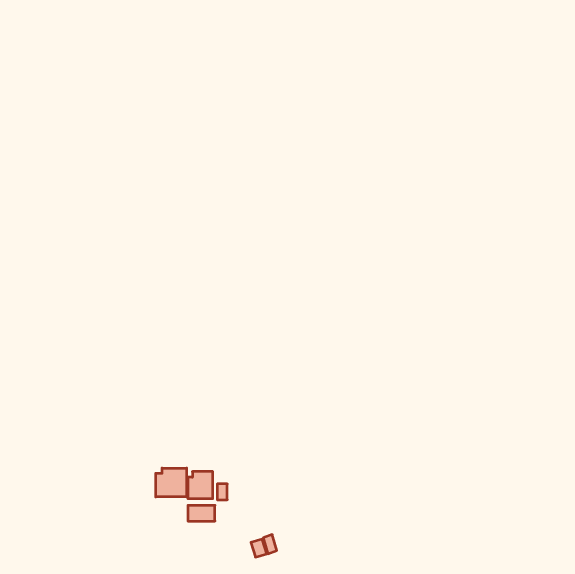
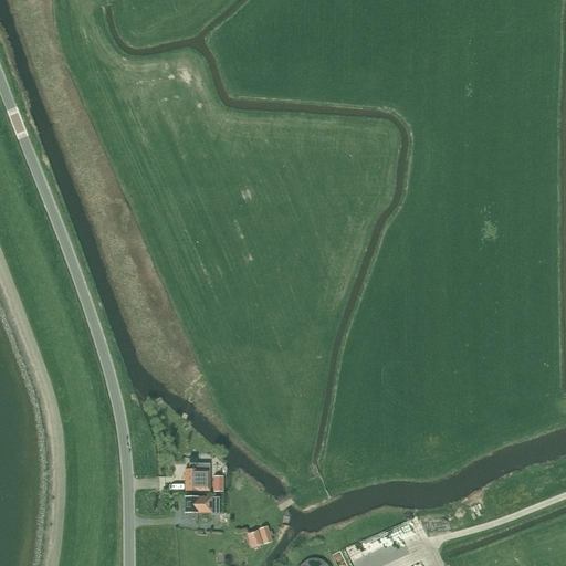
building: [156,468,187,497] -> none

